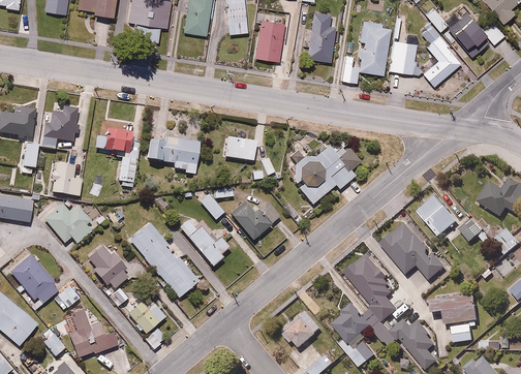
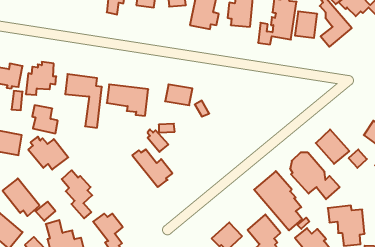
building: [289,144,361,204] -> none
building: [232,202,280,240] -> none
building: [128,223,198,299] -> none

